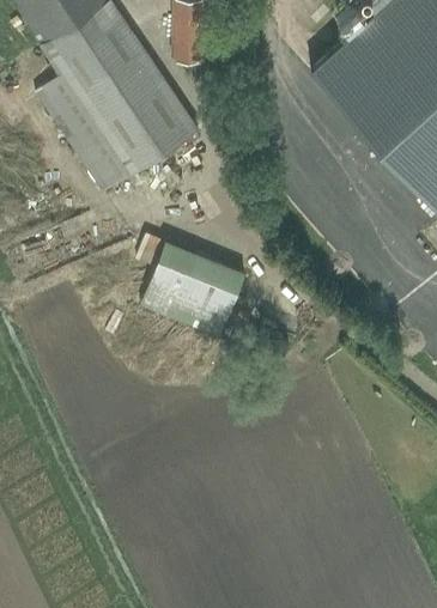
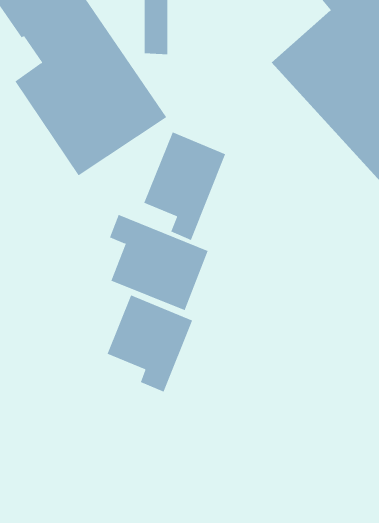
building: none -> [143,132,226,241]
building: none -> [107,295,193,392]

